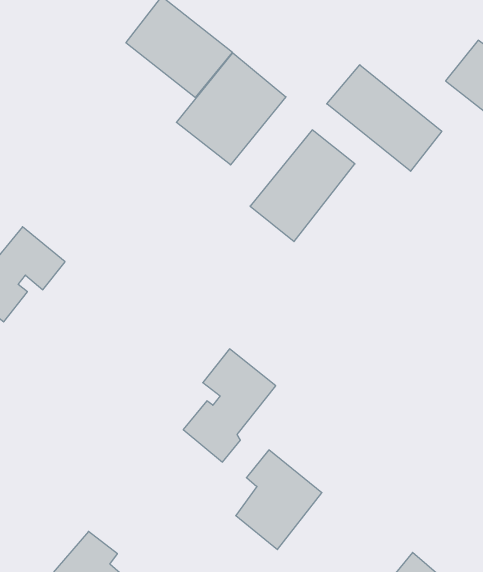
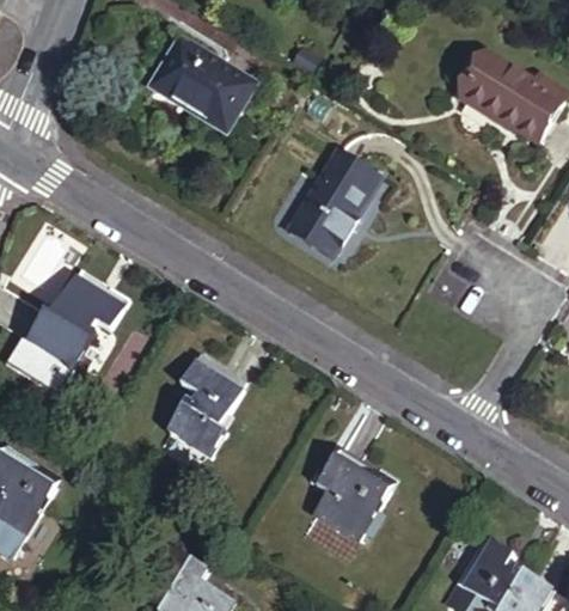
building: [176,53,286,165] -> none
building: [327,65,442,171] -> none
building: [183,349,276,462] -> [164,349,246,457]

